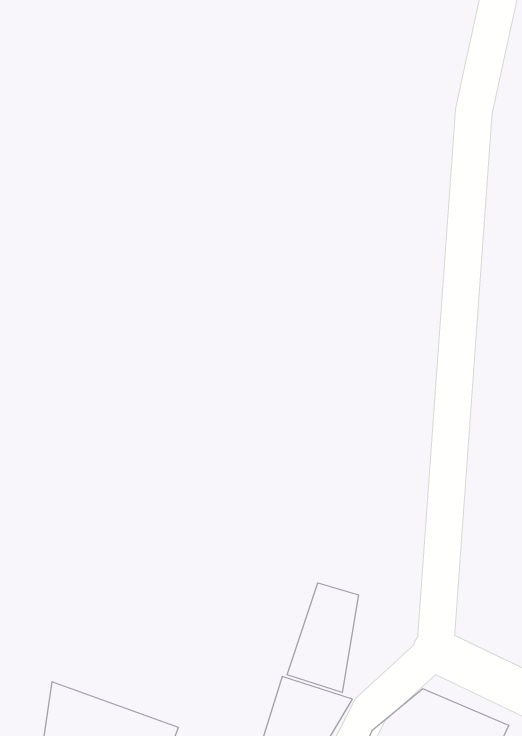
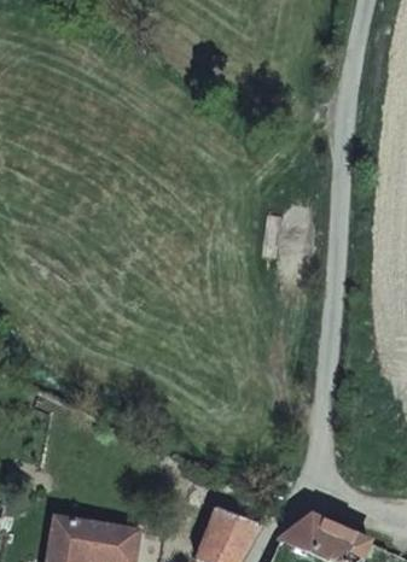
building: [287,583,358,693] -> none

